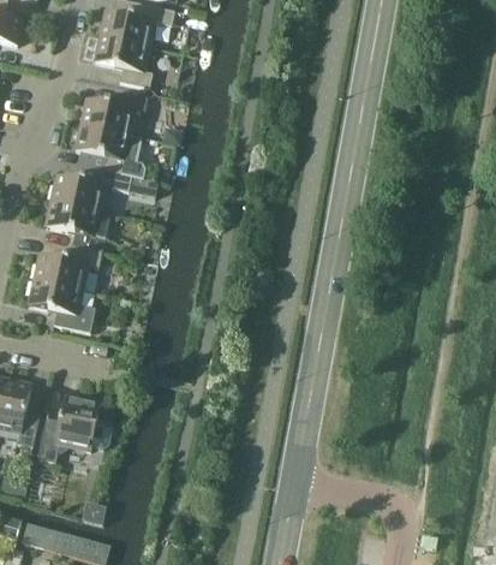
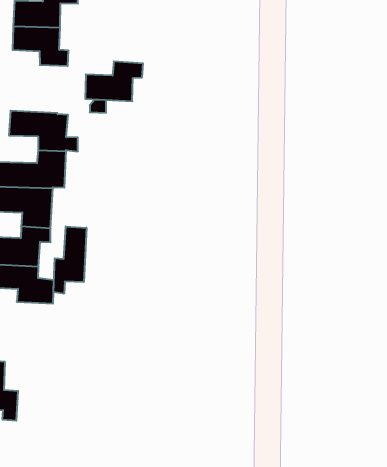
building: [82,89,148,133] -> [85,61,143,101]
building: none -> [53,226,86,294]
building: [38,394,114,459] -> none

